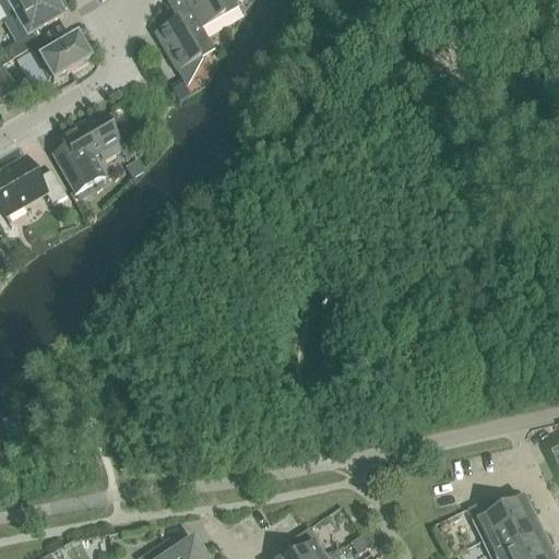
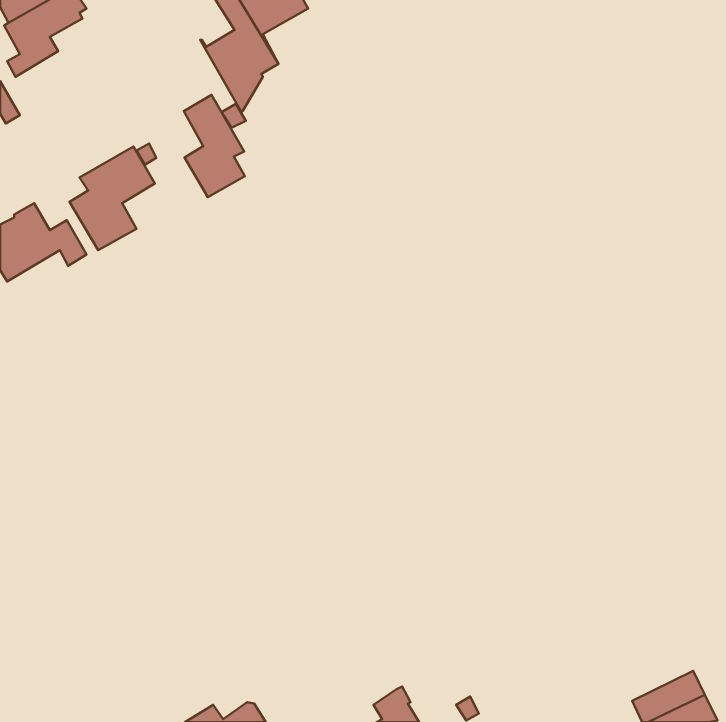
building: [31,37,90,81] -> none
building: none -> [184,95,245,197]
building: [466,495,533,538] -> none

